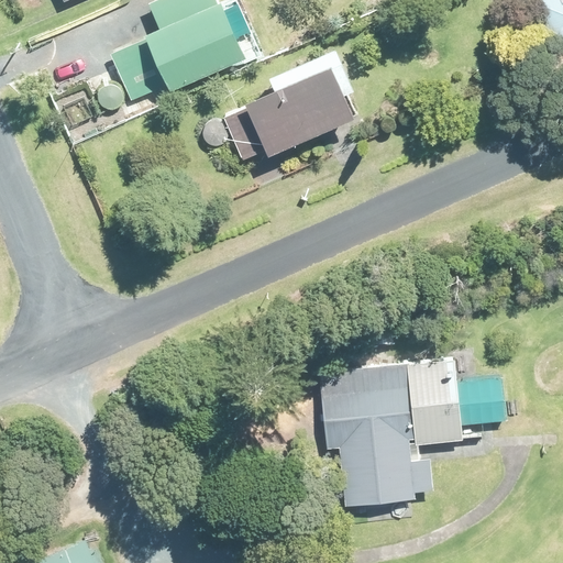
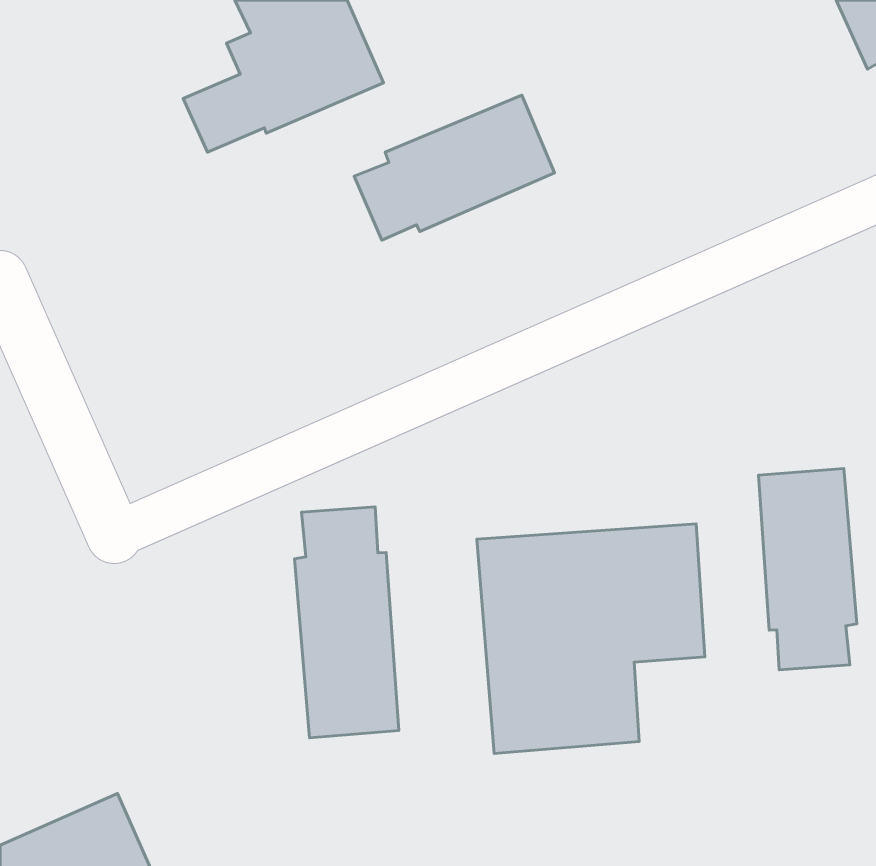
building: none -> [758,468,857,670]
building: none -> [294,507,399,738]

